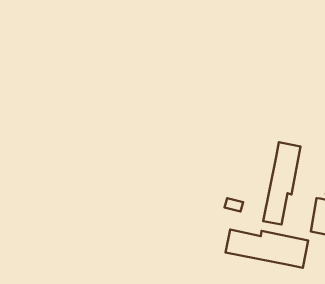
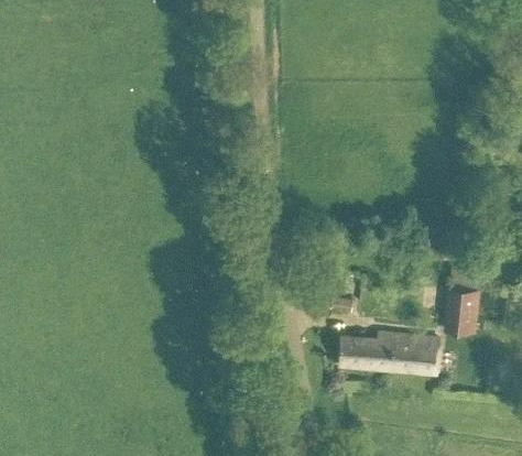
building: [263,142,301,225] -> none

